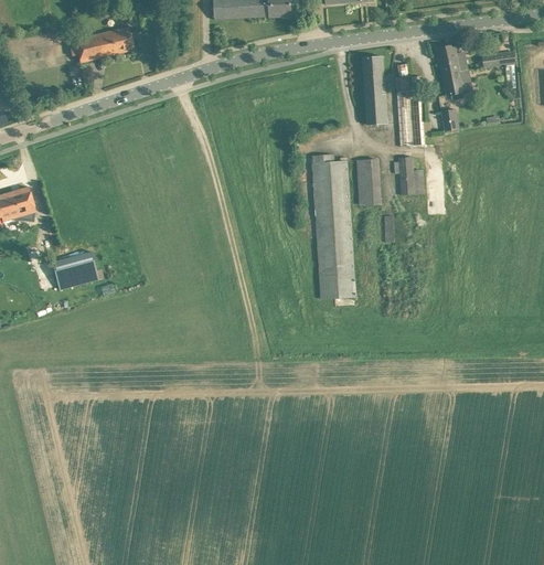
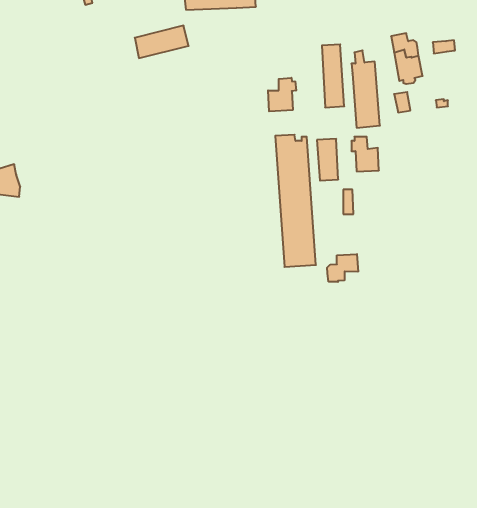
building: [74,26,132,62] -> [135,26,189,58]
building: none -> [268,78,296,111]
building: [52,252,96,289] -> none
building: none -> [327,254,358,282]

